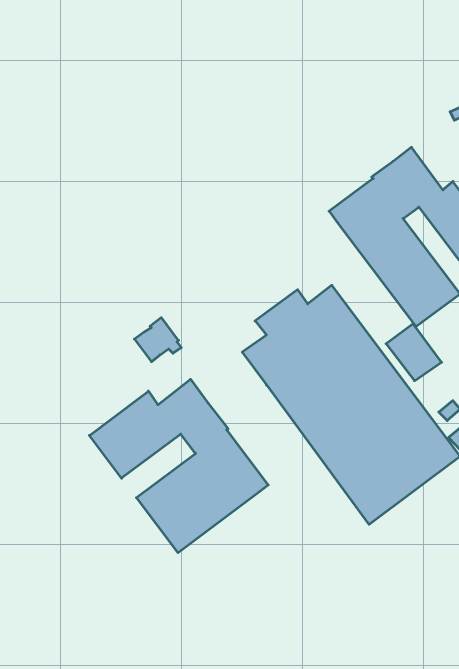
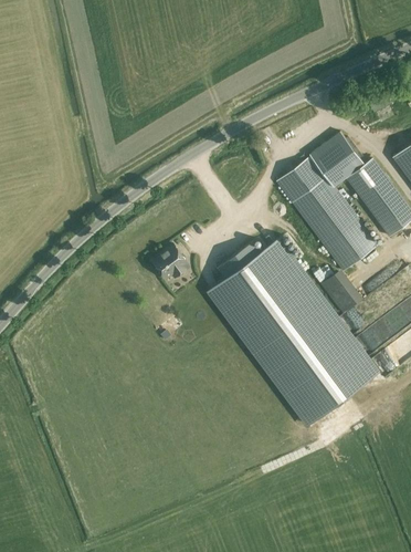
building: [134,318,181,362] -> [152,244,189,279]
building: [89,379,268,553] -> none

